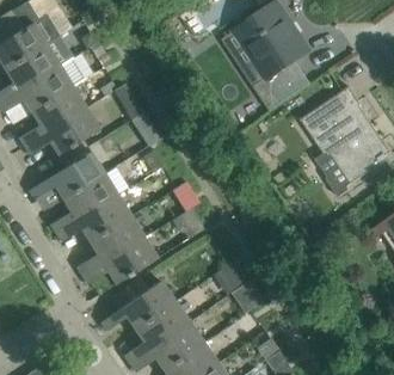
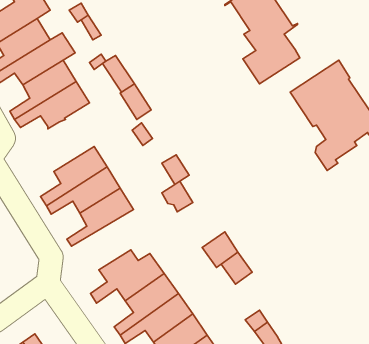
building: [29,150,104,198] -> none
building: [81,236,158,284] -> none

